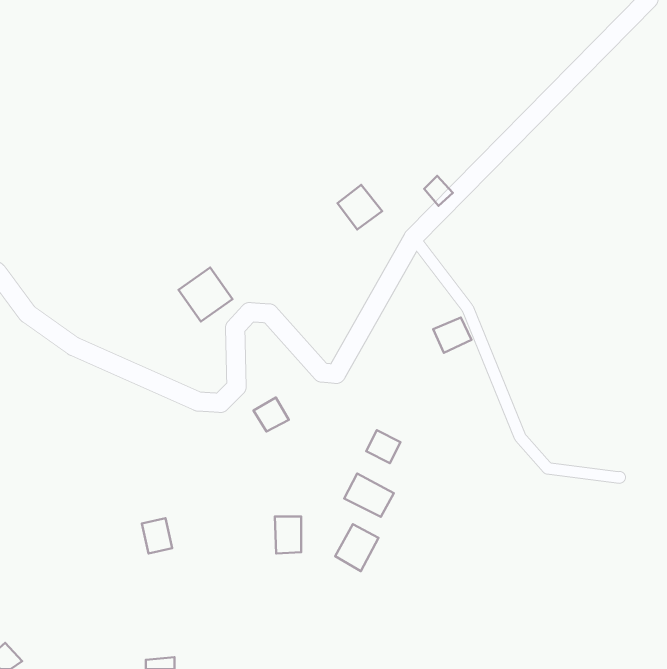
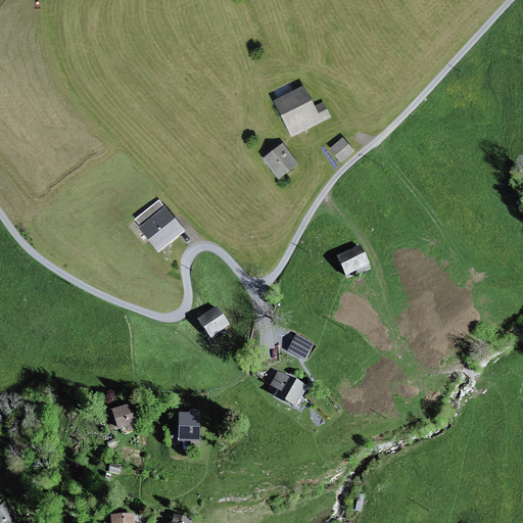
building: none -> [276,85,320,133]
building: [275,517,301,553] -> [178,410,198,438]
building: [335,524,379,571] -> none

